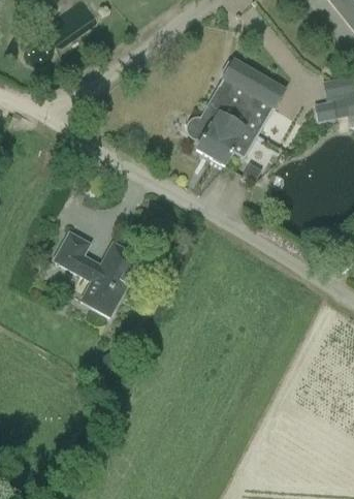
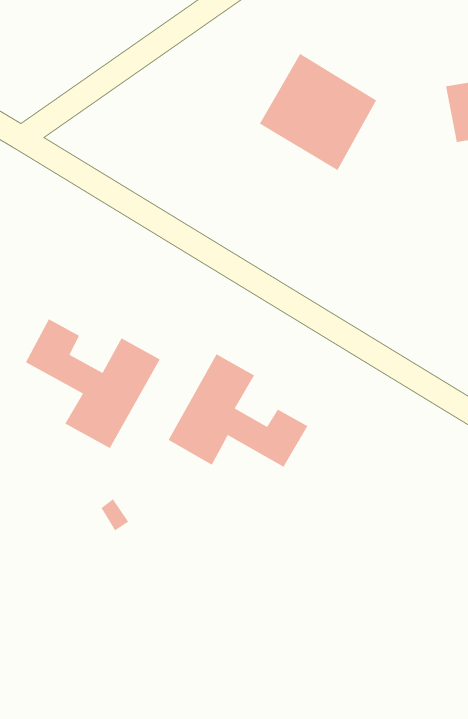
building: [187,105,246,165] -> none
building: none -> [168,353,308,468]

